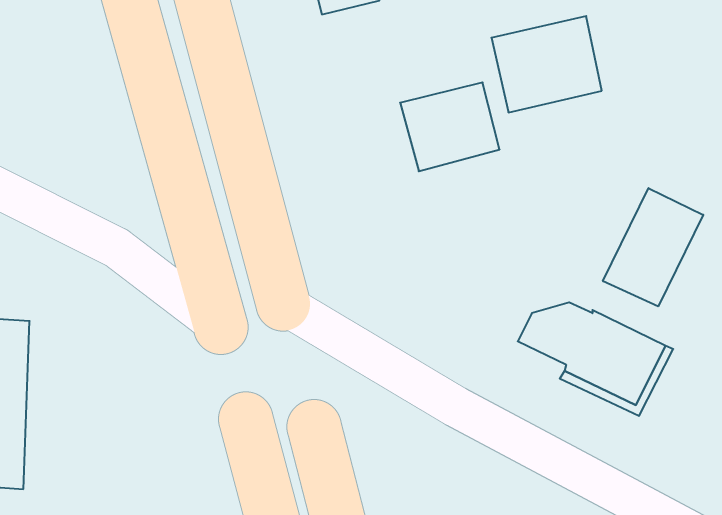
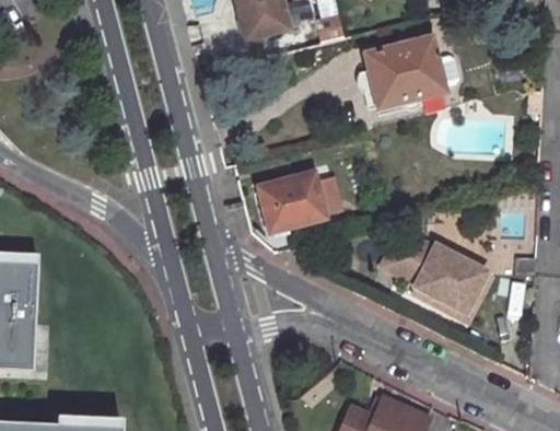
building: [400,82,500,171] -> [256,171,326,233]
building: [603,188,703,306] -> none

